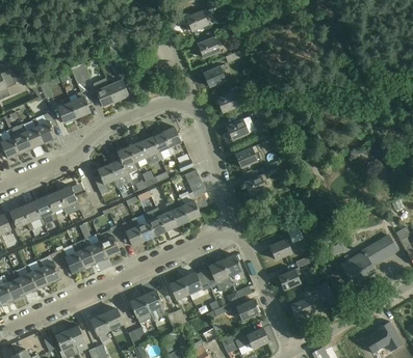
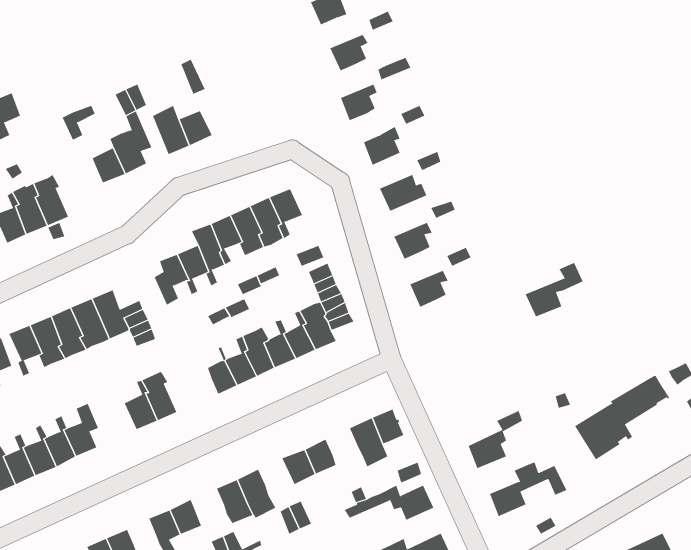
building: [34,112,57,143] -> none
building: [99,225,122,257] -> none
building: [268,227,303,259] -> [525,262,583,317]
building: [55,244,83,274] -> none

